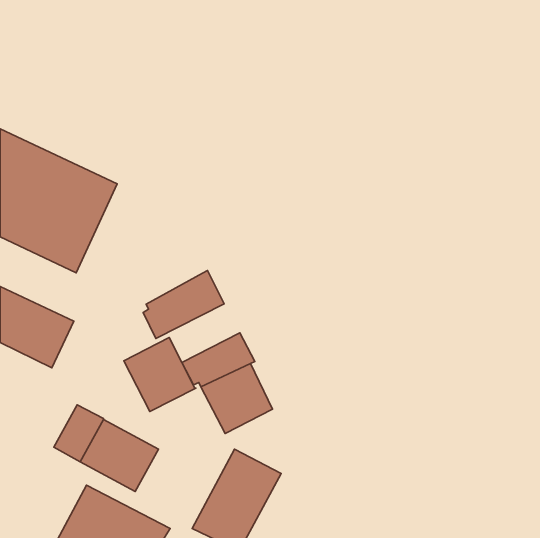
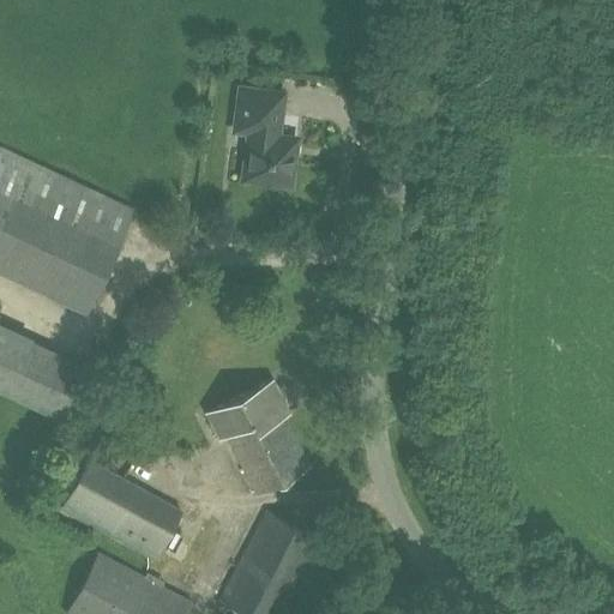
building: none -> [236,90,296,186]
building: [143,271,224,339] -> none
building: [124,337,196,412] -> none

